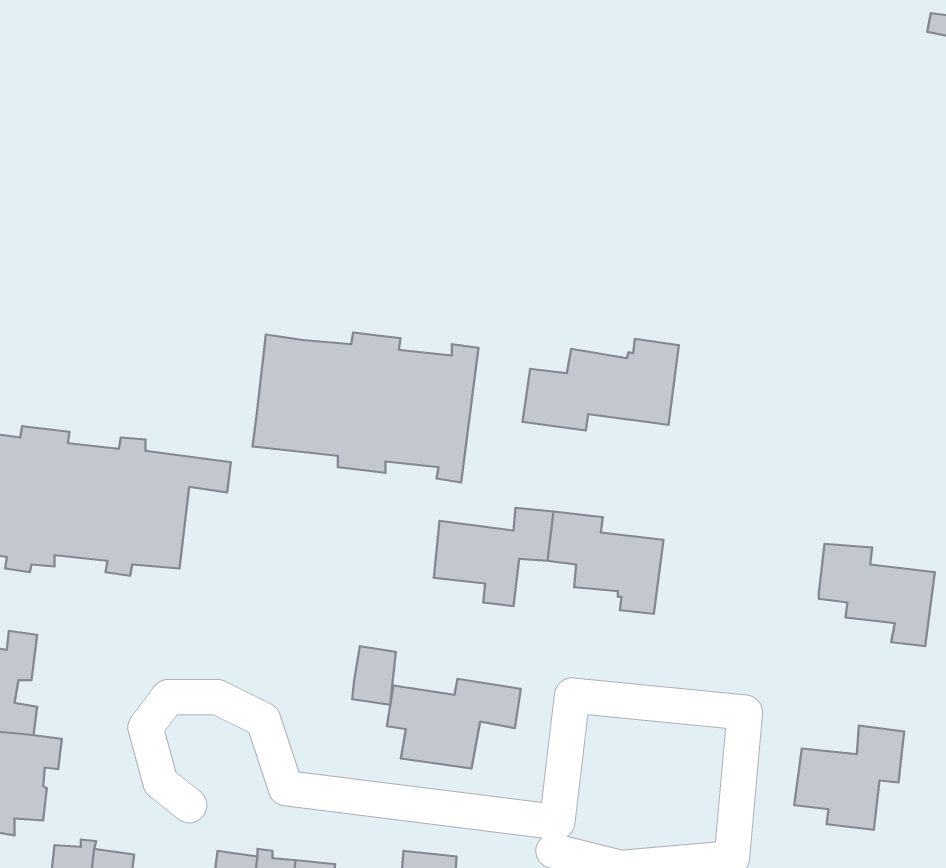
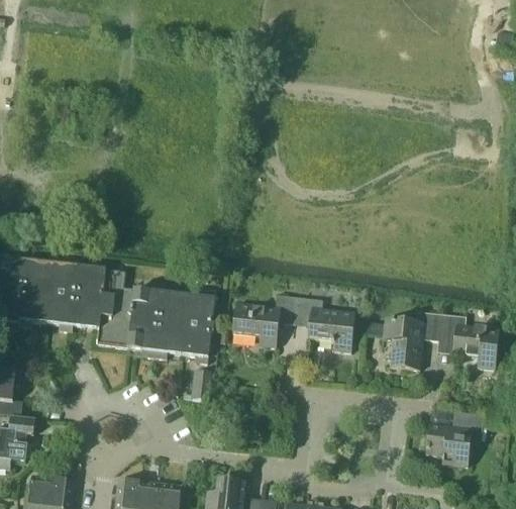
building: [253,333,478,482] -> [96,284,216,364]
building: [523,339,679,431] -> none
building: none -> [383,312,441,371]
building: [387,679,521,769] -> none

